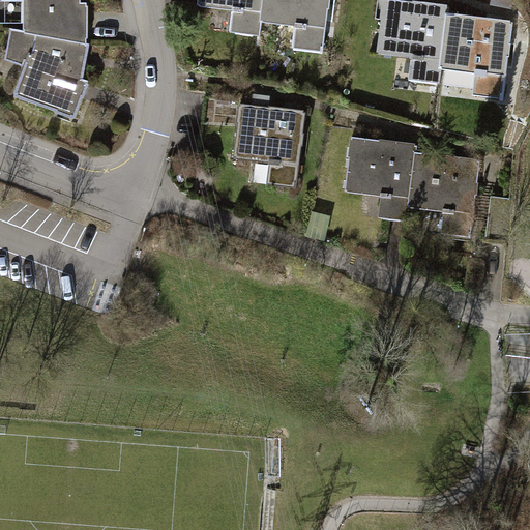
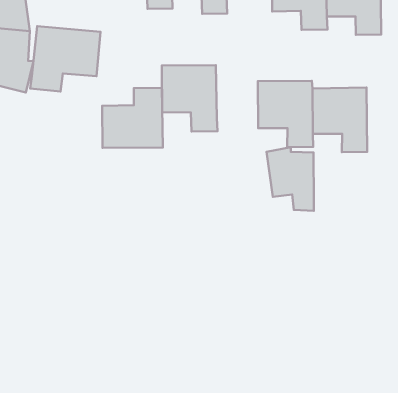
building: none -> [30,26,100,92]
building: none -> [102,88,163,148]
building: none -> [266,147,314,211]

